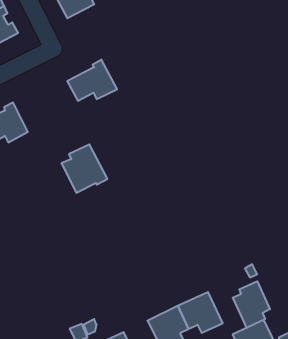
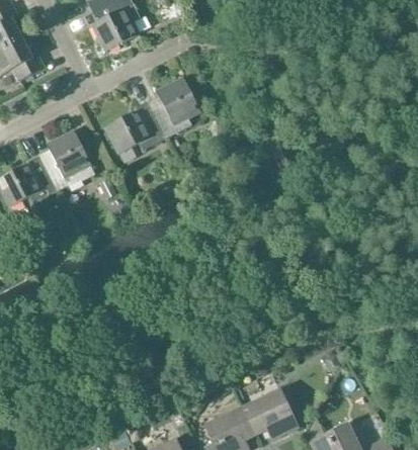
building: none -> [147,78,198,139]
building: [61,144,107,193] -> [37,131,94,191]
building: [233,281,270,328] -> none

